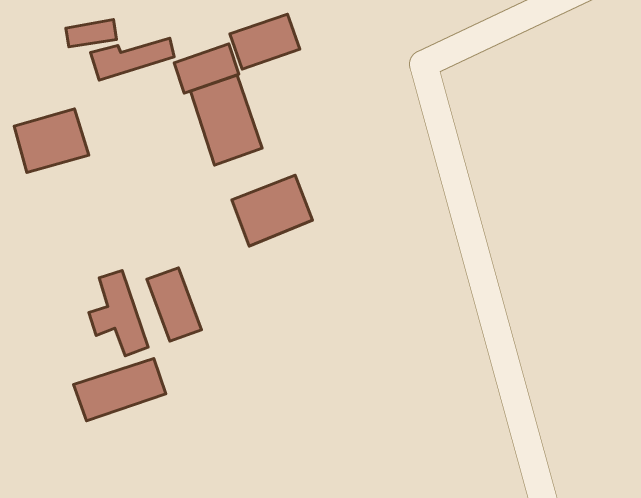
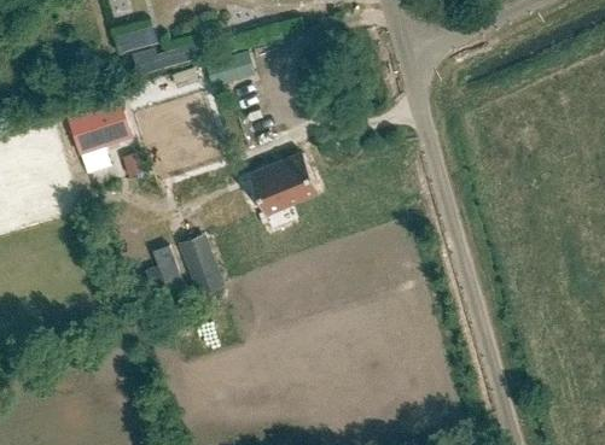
building: [230,14,300,69] -> none
building: [191,75,262,165] -> none
building: [74,358,166,421] -> none

